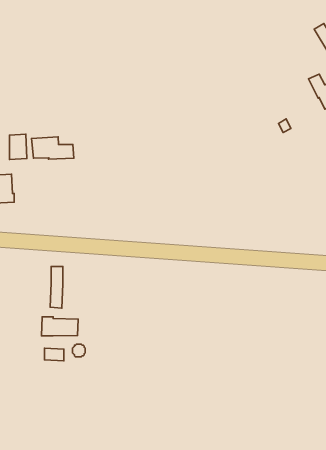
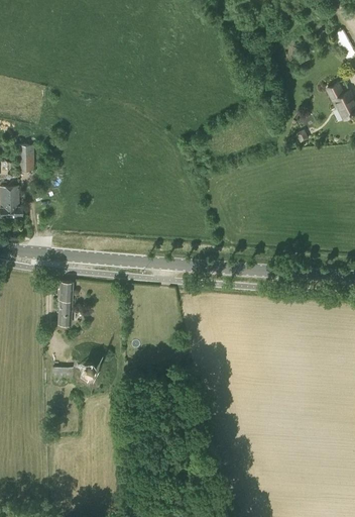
building: [32,137,74,159] -> none
building: [42,317,78,336] -> none

